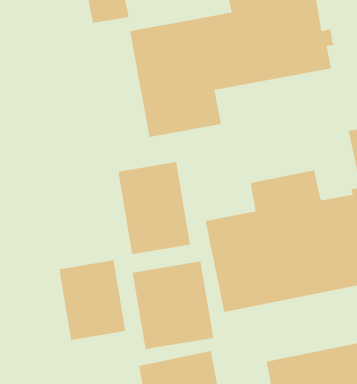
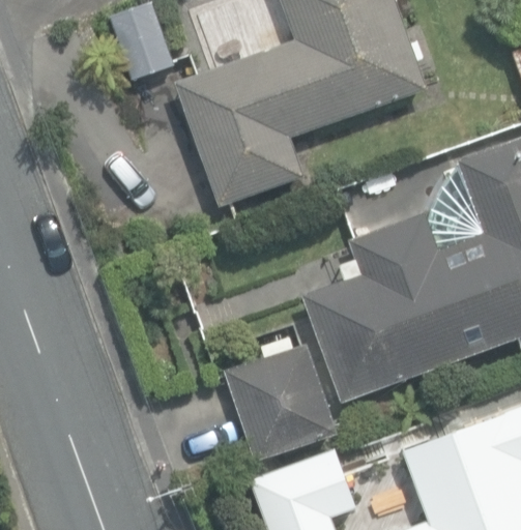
building: [118,161,191,255] -> none
building: [59,259,126,341] -> none

